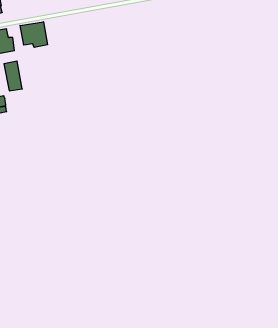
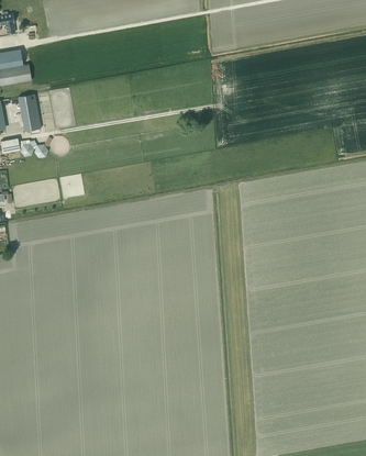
building: [20,22,47,47] -> none

